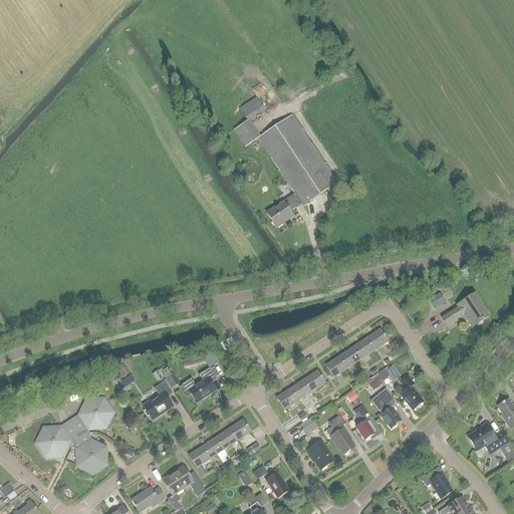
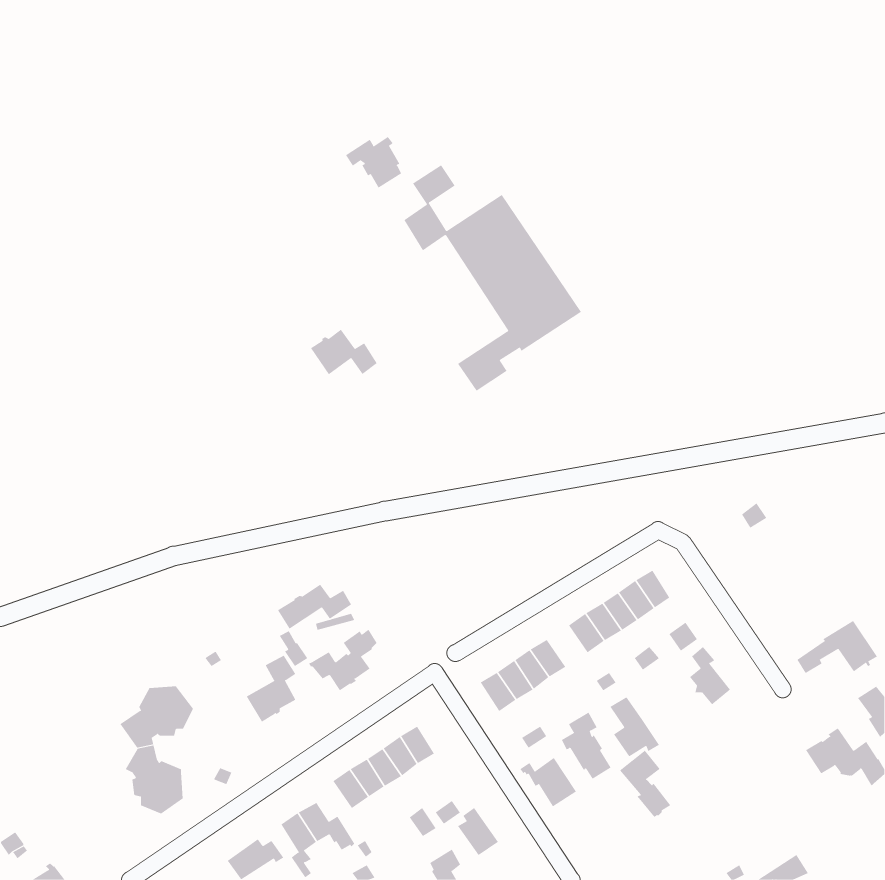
building: none -> [345,136,402,189]
building: none -> [310,329,377,375]
building: [442,294,489,325] -> [796,620,878,674]
building: none -> [277,584,352,630]
building: [370,387,401,426] -> [619,750,671,817]
building: [36,420,79,456] -> none
building: [422,470,452,497] -> none

